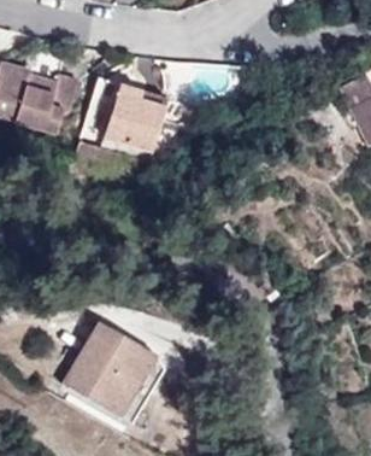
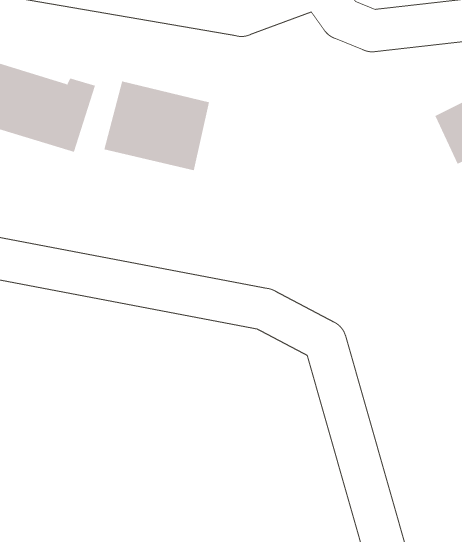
building: [64,322,158,417] -> none

